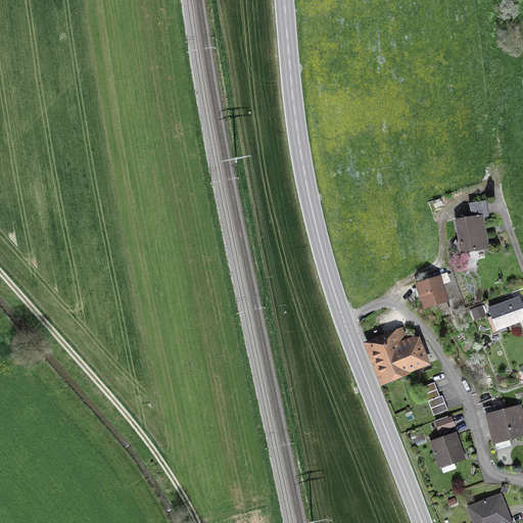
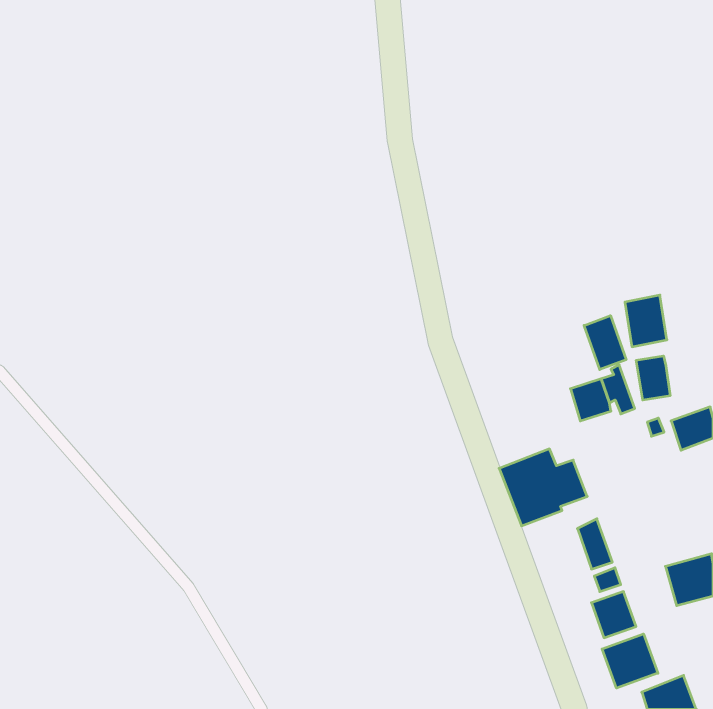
building: none -> [584,316,626,370]
building: none -> [636,356,670,400]
building: none -> [602,634,658,688]

